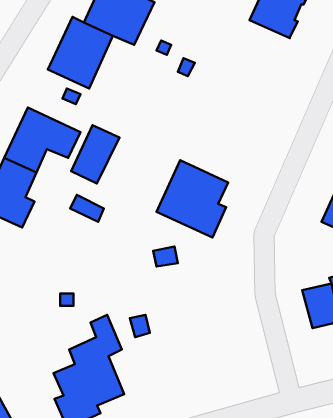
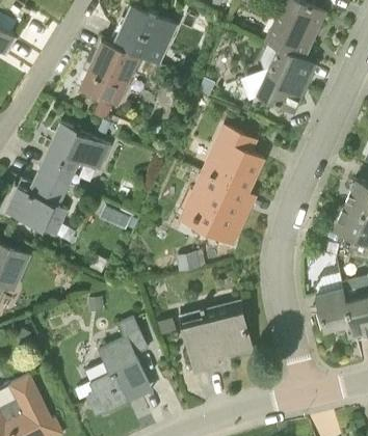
building: none -> [244,43,315,112]
building: none -> [203,125,264,193]
building: [71,125,119,183] -> none
building: none -> [181,302,252,374]

